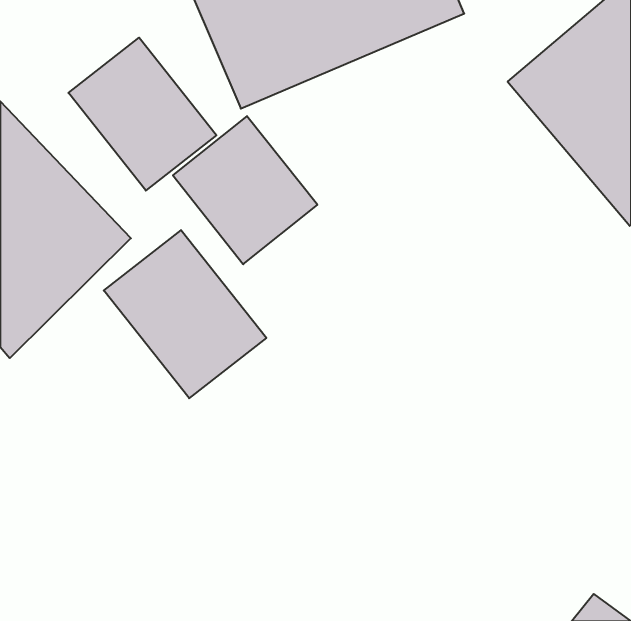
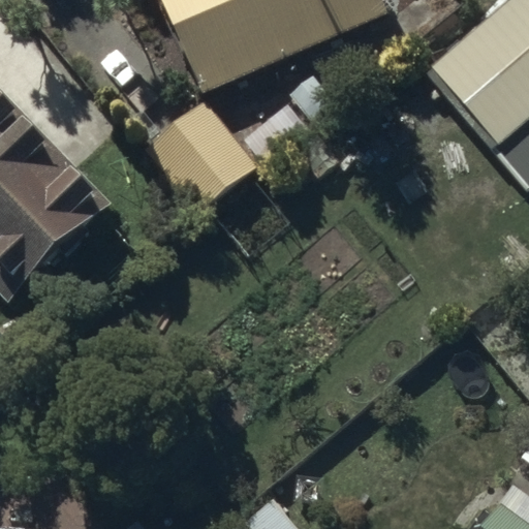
building: [68,38,216,191] -> none
building: [104,230,266,398] -> none

